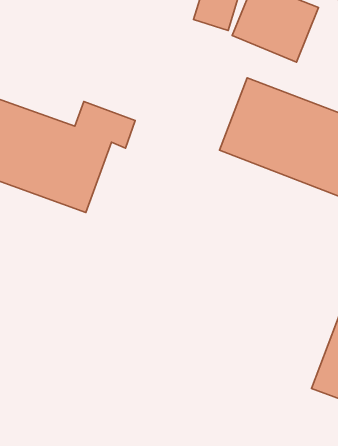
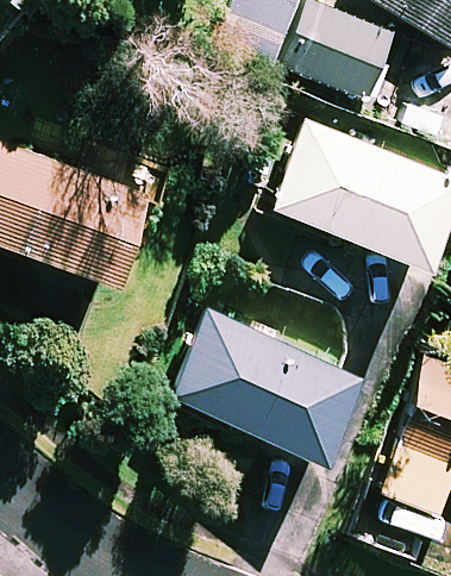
building: none -> [177,313,358,463]

